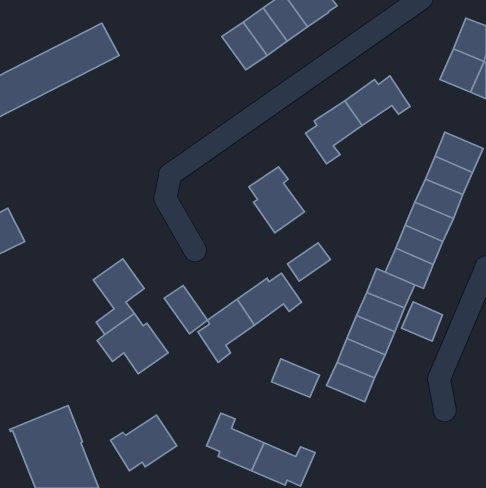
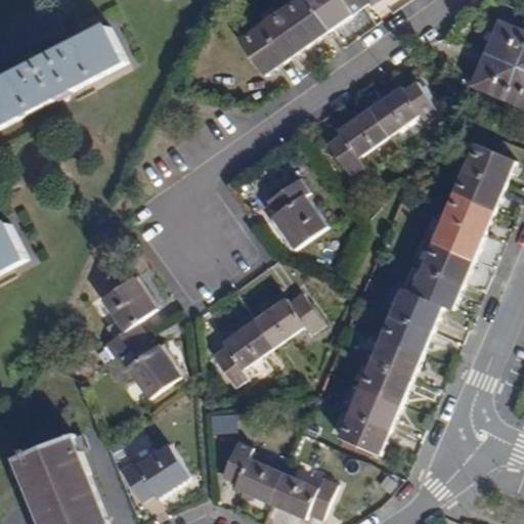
building: [288,243,330,281] -> none
building: [164,285,207,334] -> none
building: [402,302,443,341] -> none
building: [271,359,319,397] -> [338,411,389,452]

